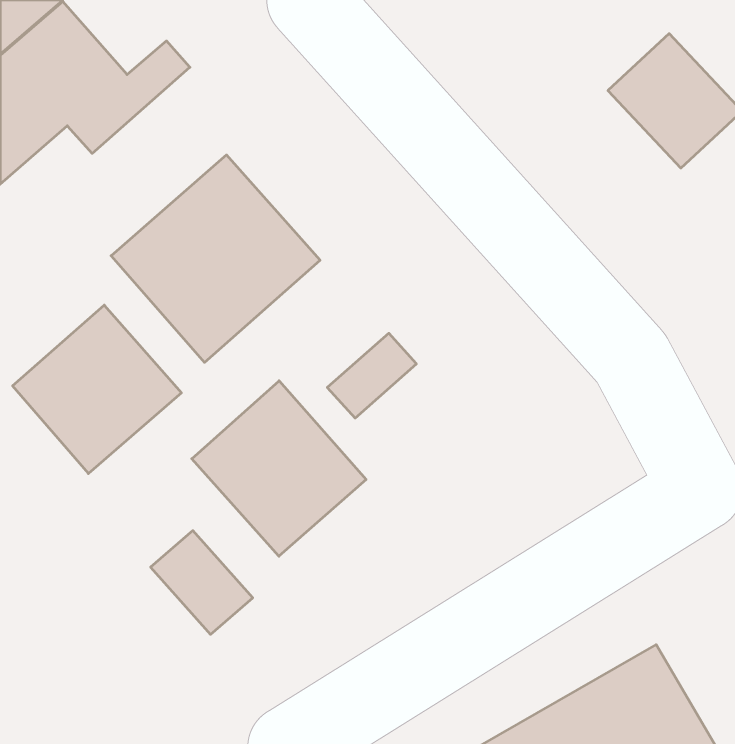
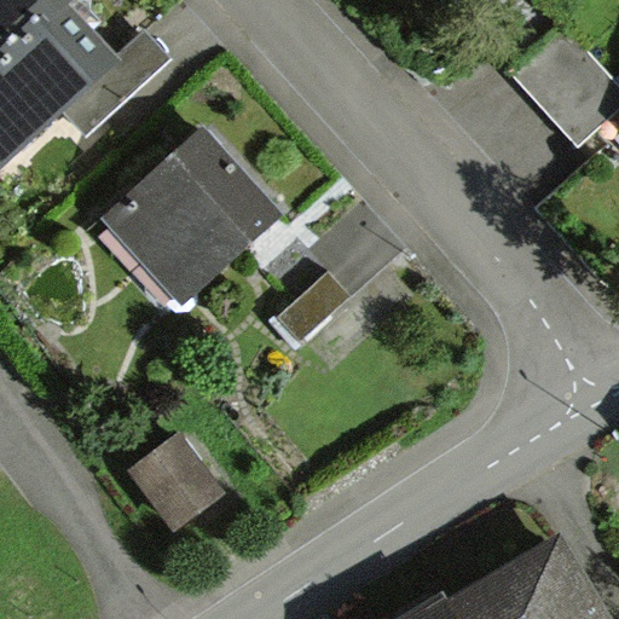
building: [13,305,181,474] -> none
building: [192,381,366,556] -> none

